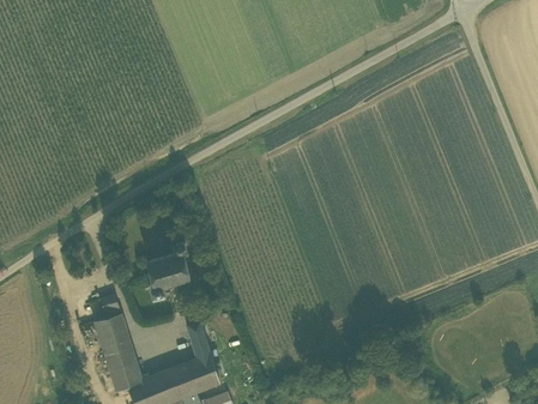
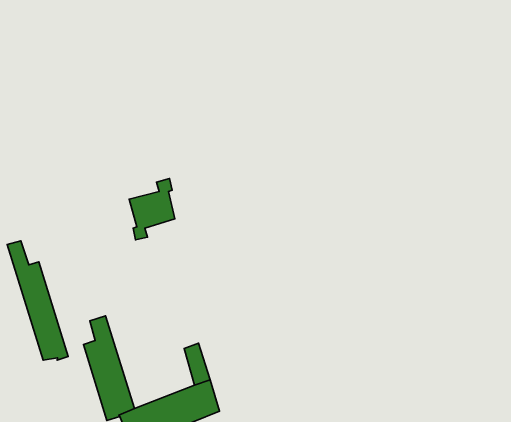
building: none -> [7,241,68,360]
building: [147,242,189,299] -> [129,178,175,240]

